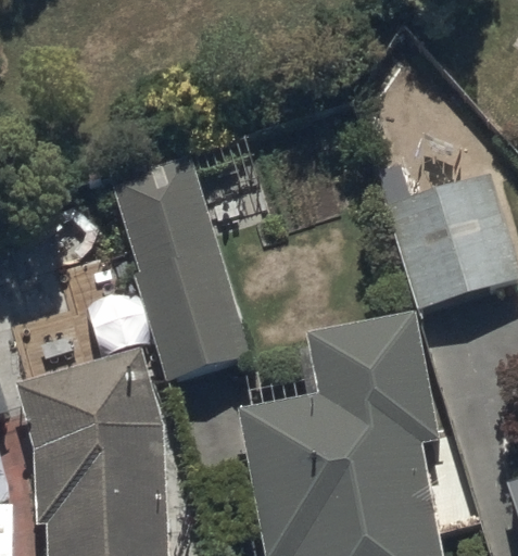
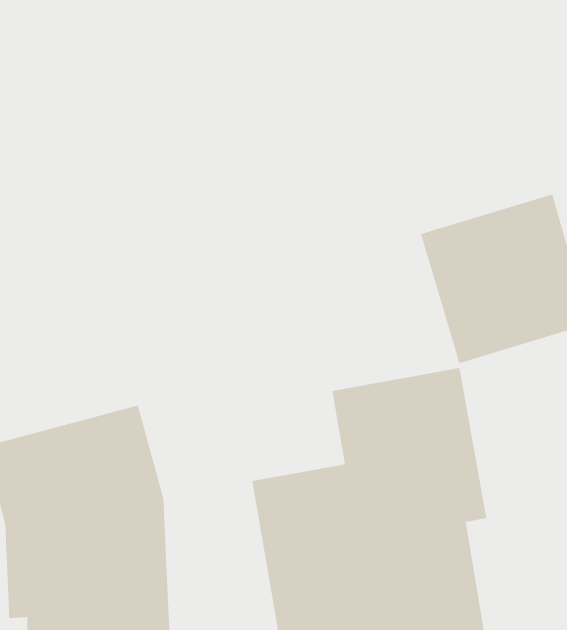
building: [105,159,253,383] -> none

